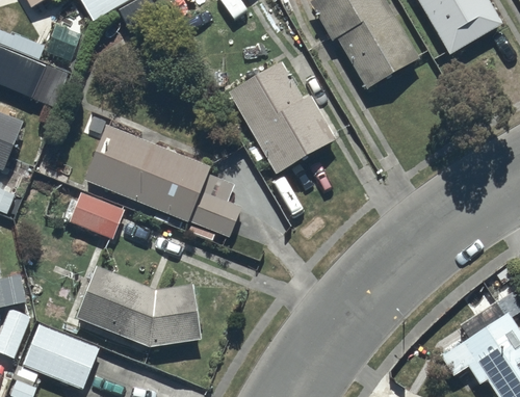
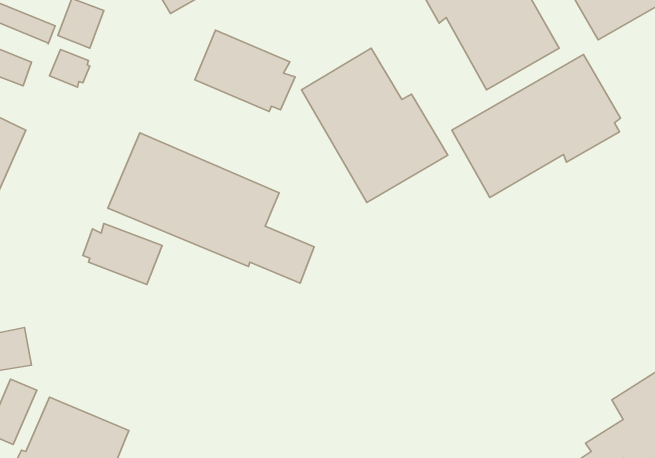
building: none -> [195,30,295,111]
building: none -> [452,54,621,198]
building: [75,269,202,347] -> none

